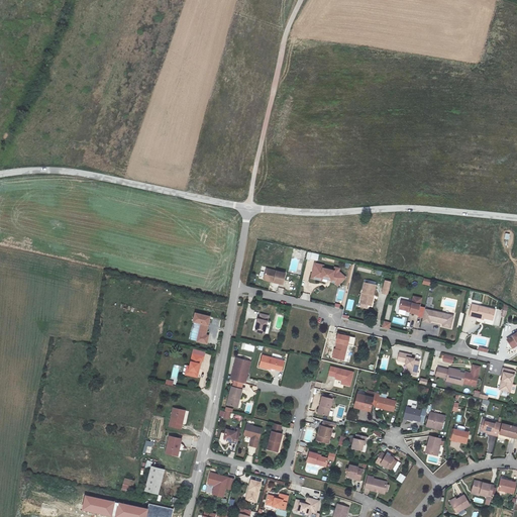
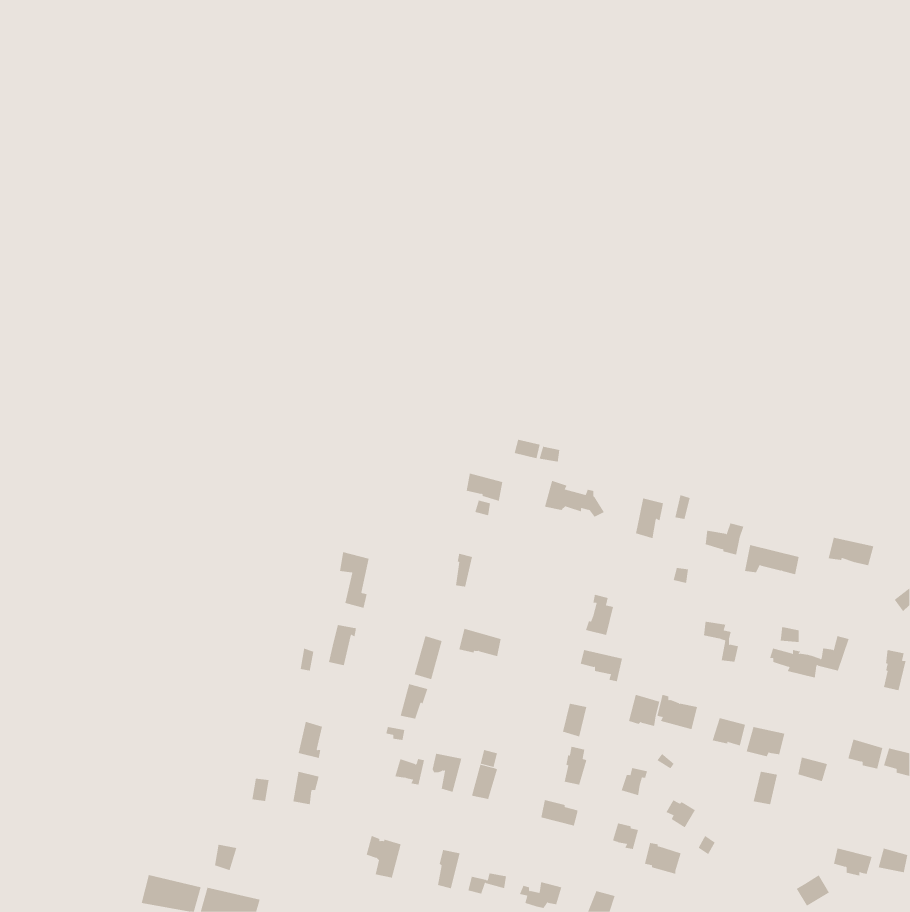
building: [143,464,165,494] -> none

